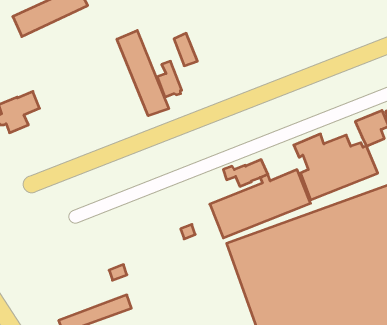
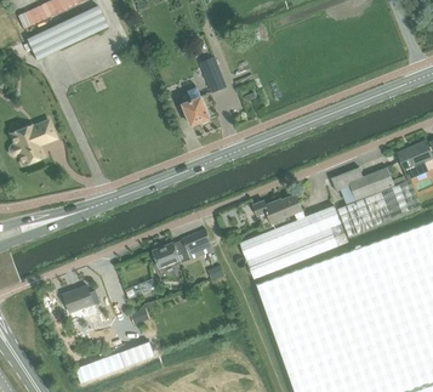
building: [117,30,169,116] -> none
building: none -> [152,229,213,268]
building: none -> [62,285,99,314]

